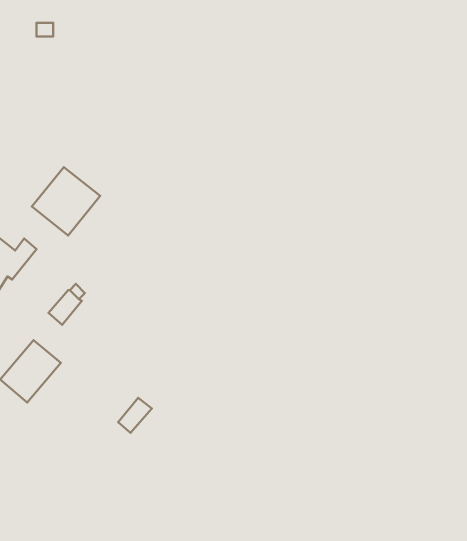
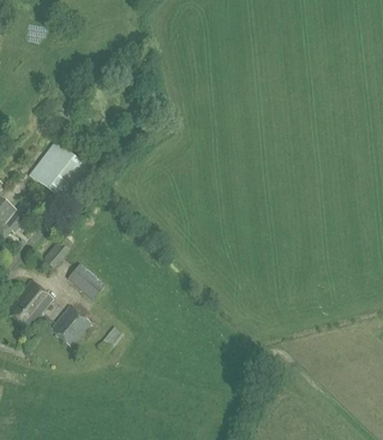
building: none -> [66,262,106,299]
building: none -> [49,305,90,346]

